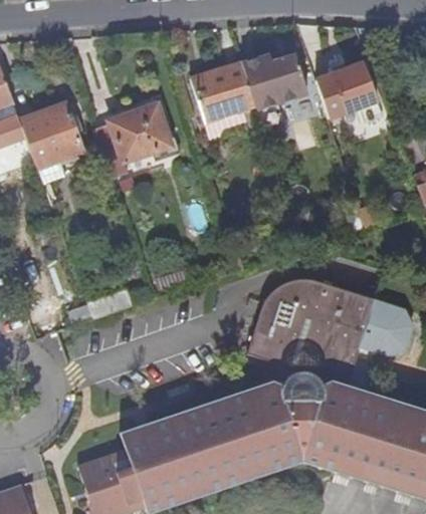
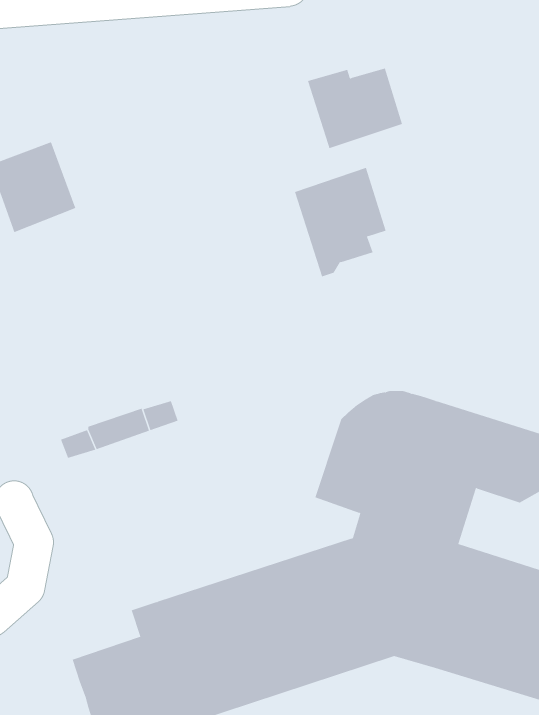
building: [191,64,255,141] -> [294,167,387,277]
building: [331,64,379,115] -> none
building: [93,105,170,178] -> none

